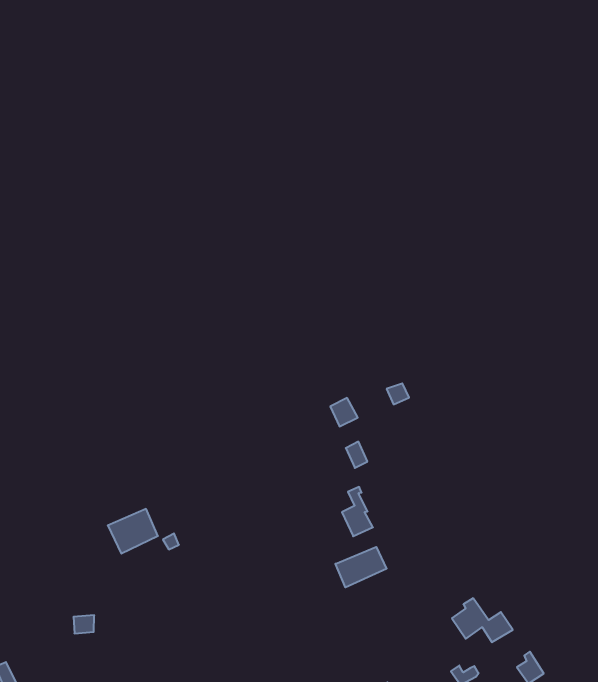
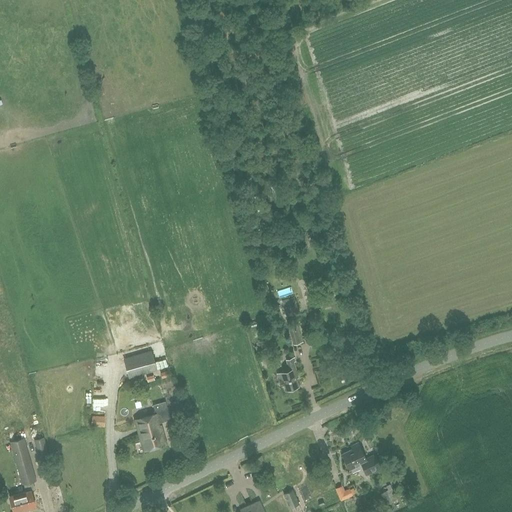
building: [335,547,387,587] -> none
building: none -> [137,401,171,450]

